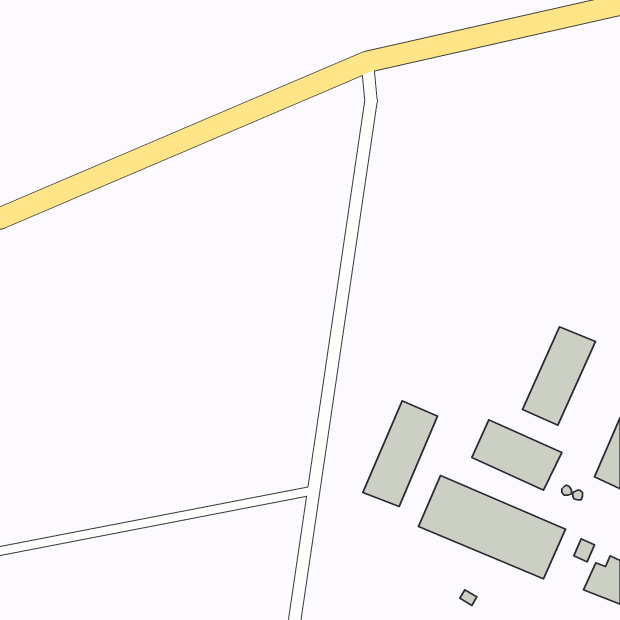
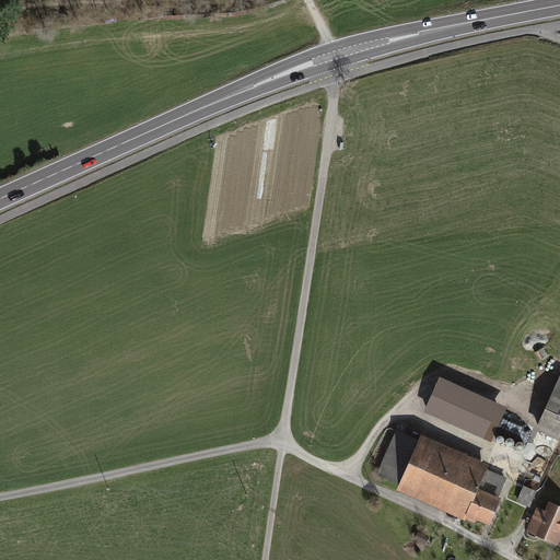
building: [523,327,596,425] -> none
building: [363,401,438,506] -> none

